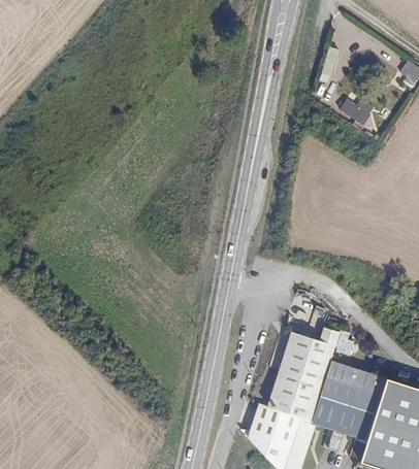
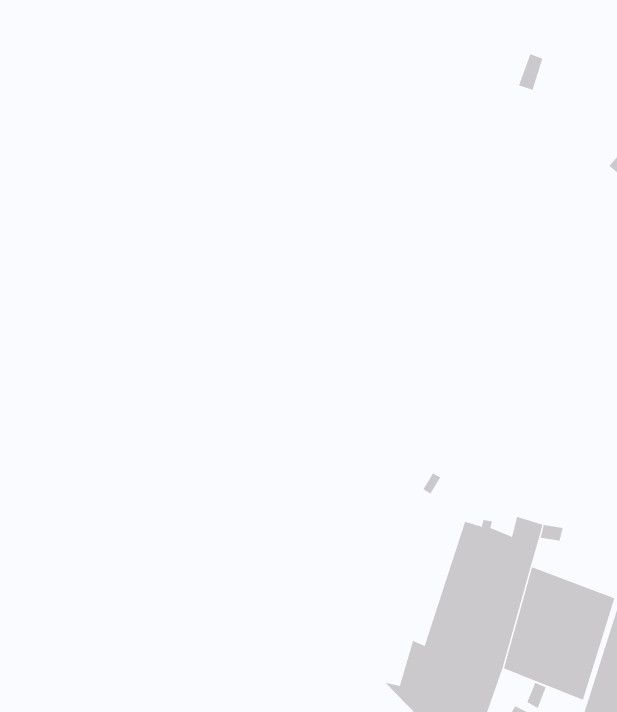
building: [339,98,375,129] -> none

